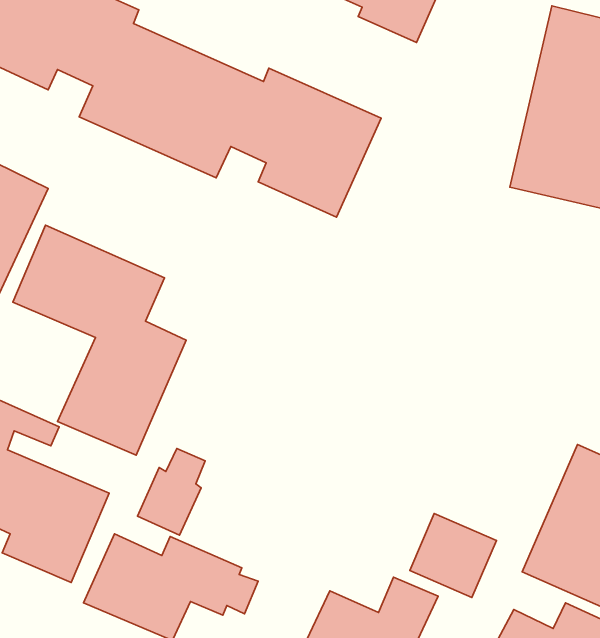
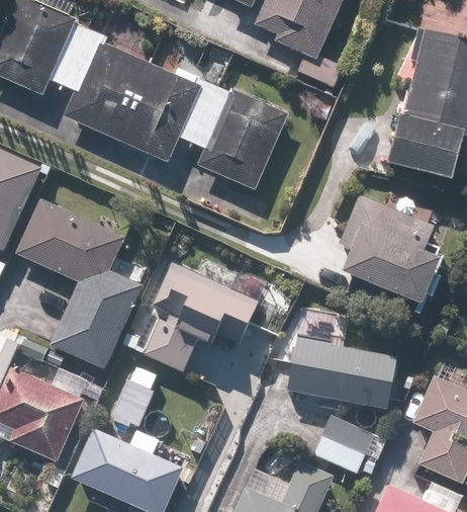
building: none -> [326,192,440,309]
building: none -> [122,255,261,369]
building: none -> [286,338,397,411]

